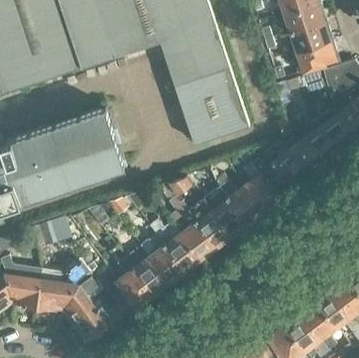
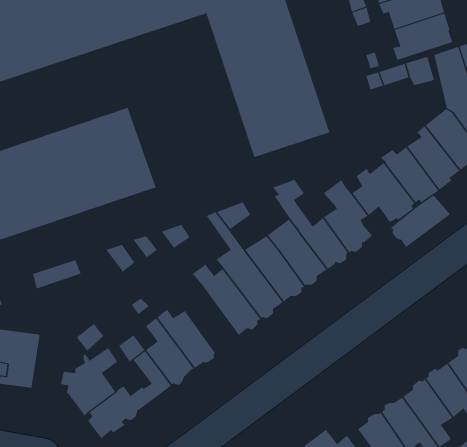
building: none -> [390,195,451,248]
building: [141,234,184,282] -> none
building: [36,269,74,312] -> none

